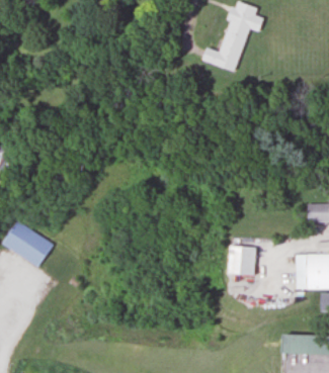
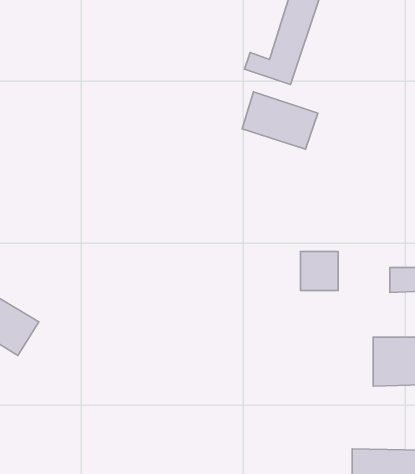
building: none -> [242,92,318,149]
building: [228,248,255,276] -> [300,252,338,291]

